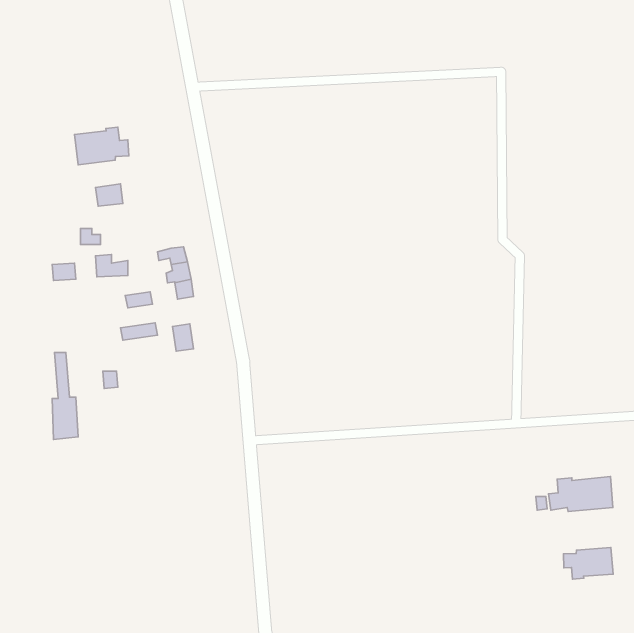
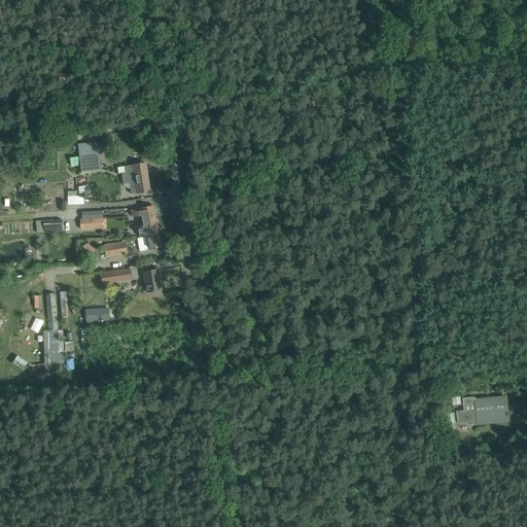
building: [74,127,129,165] -> none
building: none -> [120,162,149,192]
building: [563,547,613,579] -> none

